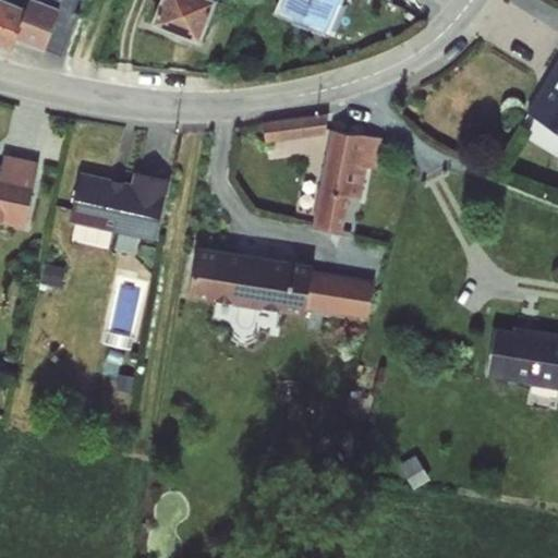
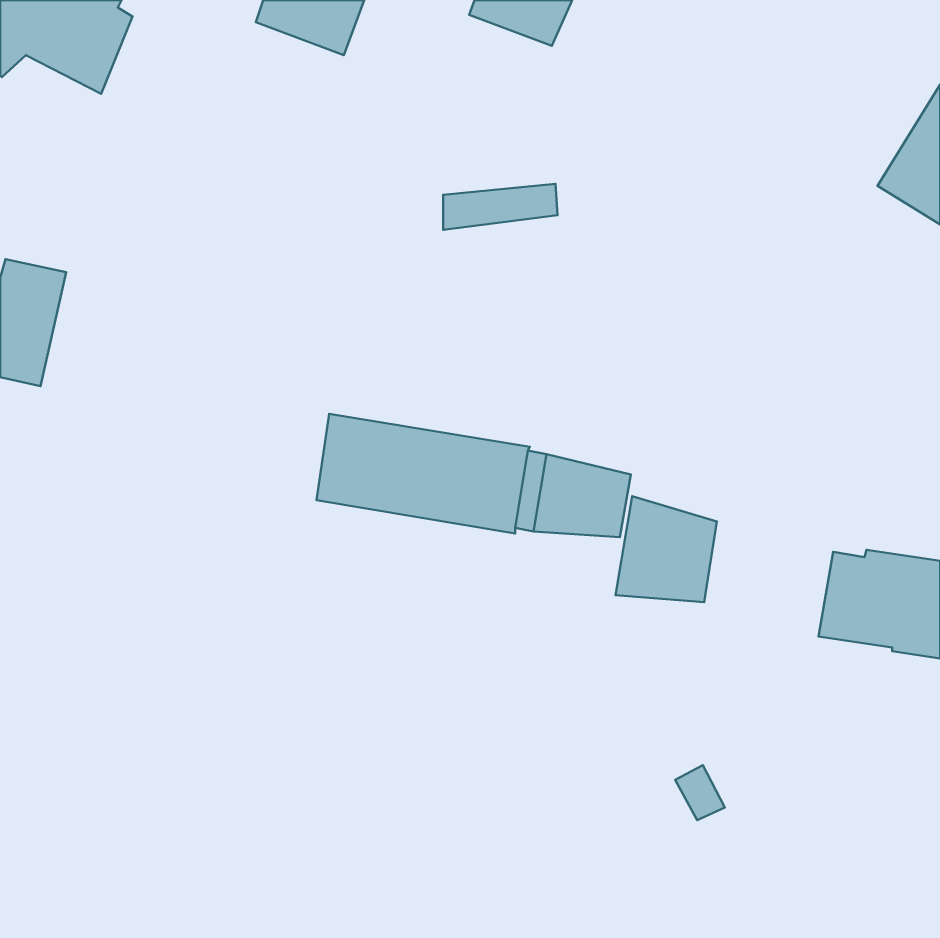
building: [312,131,383,234] -> none
building: [70,174,168,239] -> none
building: none -> [616,496,717,602]

